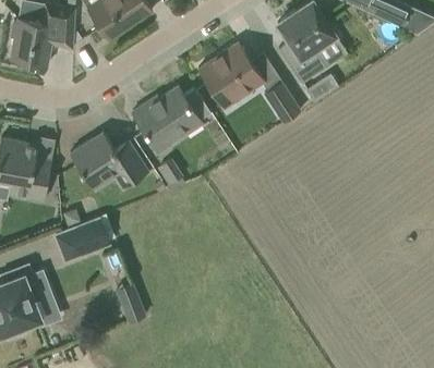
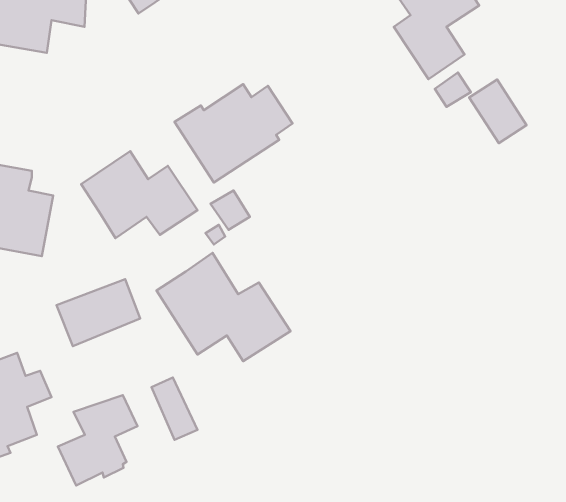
building: [197,42,264,109] -> none
building: [263,79,301,122] -> [469,79,527,143]
building: none -> [157,253,290,361]
building: none -> [58,395,137,485]

